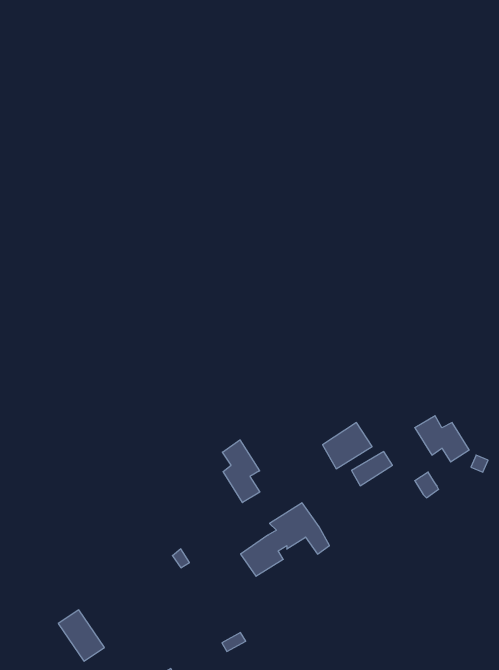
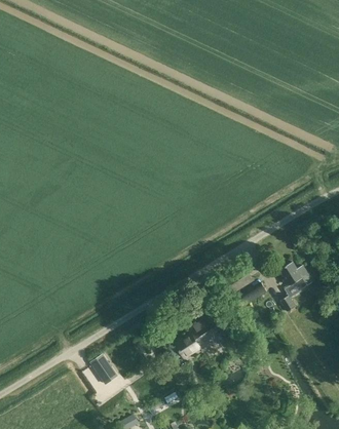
building: [222,440,260,503] -> none
building: [58,610,104,661] -> [89,355,117,386]

